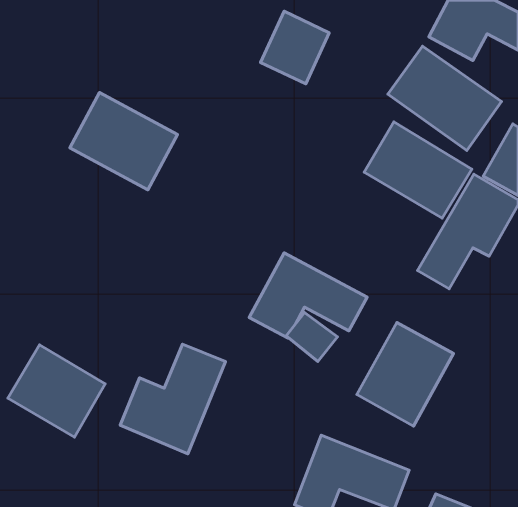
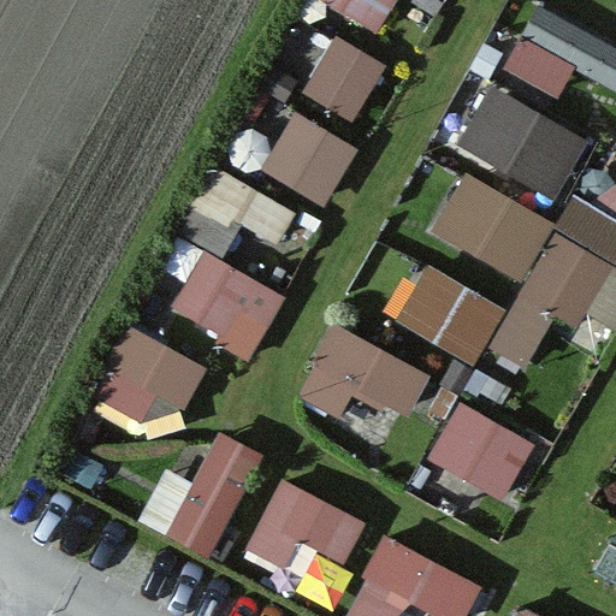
building: none -> [256,103,361,206]
building: [70,93,177,190] -> [161,238,288,353]
building: none -> [389,255,504,356]
building: [8,345,105,437] -> [93,314,207,422]
building: none -> [241,472,366,568]

